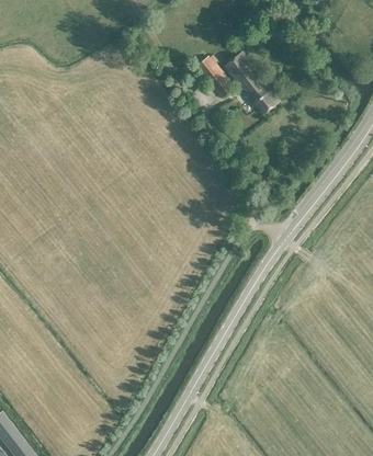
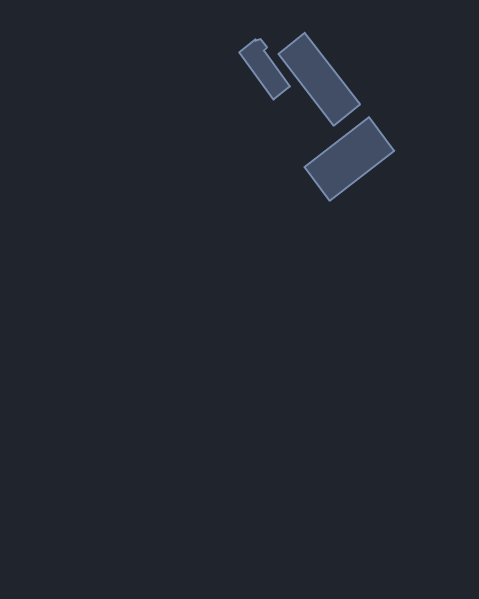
building: none -> [304,117,394,201]

